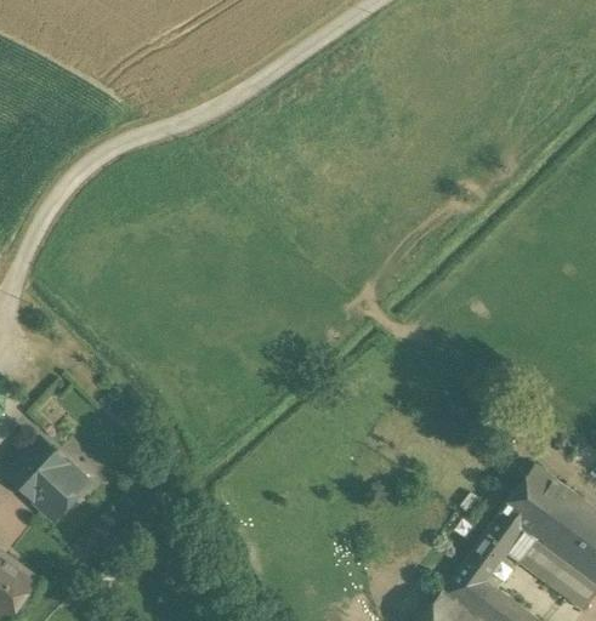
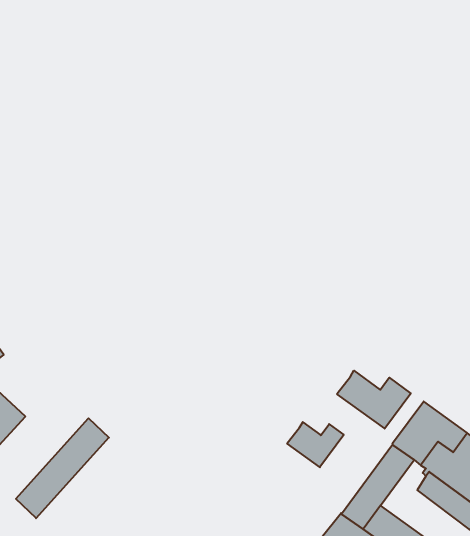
building: none -> [337,371,411,429]
building: none -> [16,418,109,518]
building: none -> [287,422,344,467]

